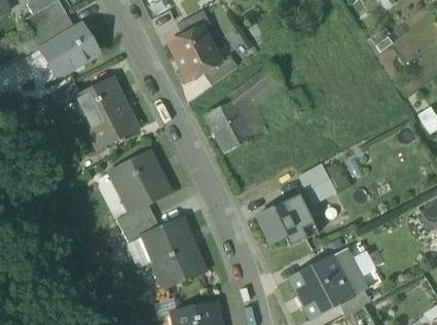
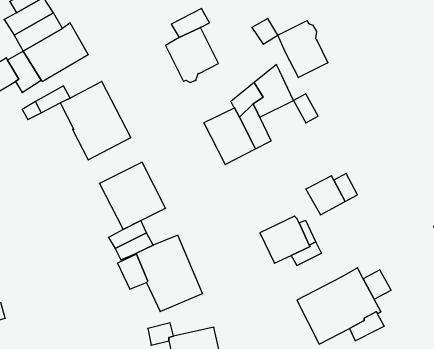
building: none -> [278,21,328,78]
building: [202,53,238,84] -> none

